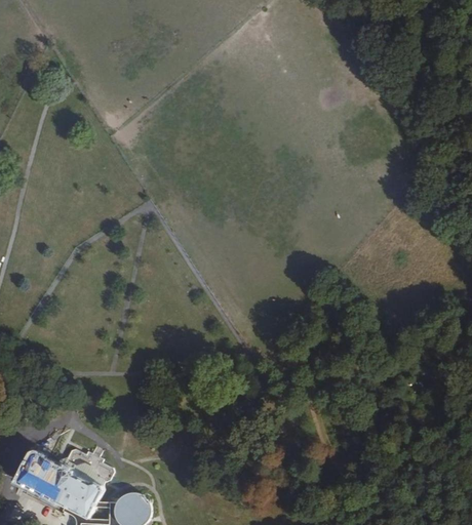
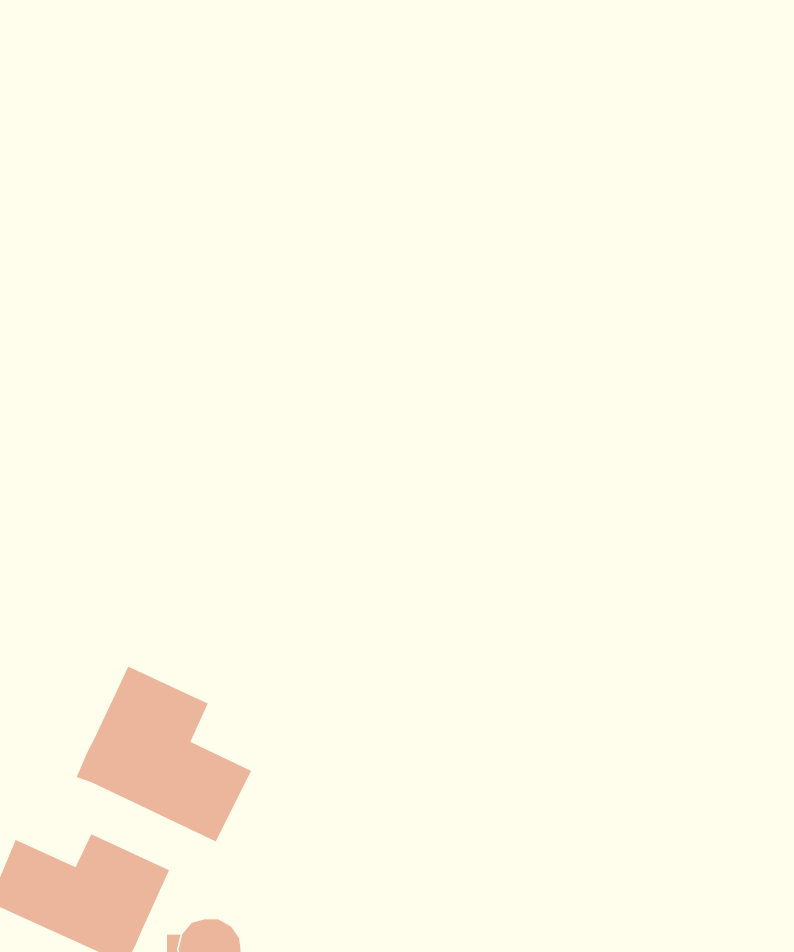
building: none -> [76,665,252,842]

